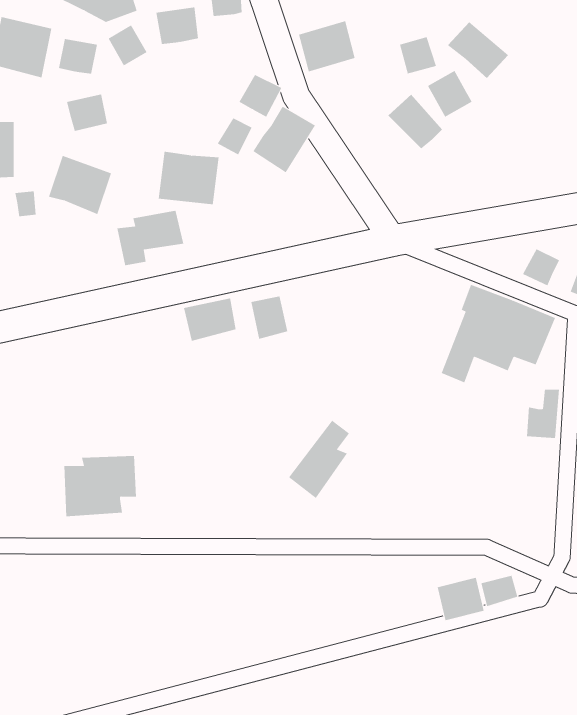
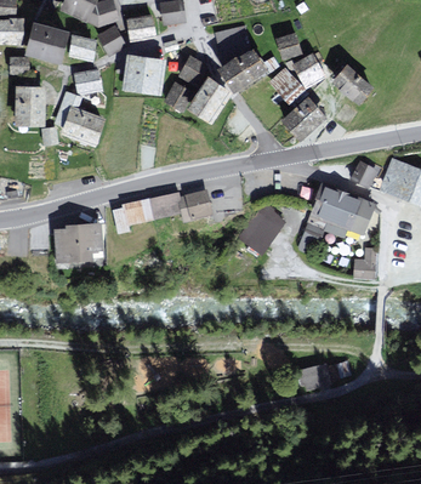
building: [447,21,509,79] -> [334,64,371,99]
building: none -> [222,47,264,87]
building: none -> [284,97,323,136]
building: [158,151,219,205] -> [124,56,161,89]
building: [117,210,184,266] -> [109,200,150,234]
building: [288,420,350,499] -> [240,209,278,257]
building: [63,456,137,517] -> [56,226,101,263]

